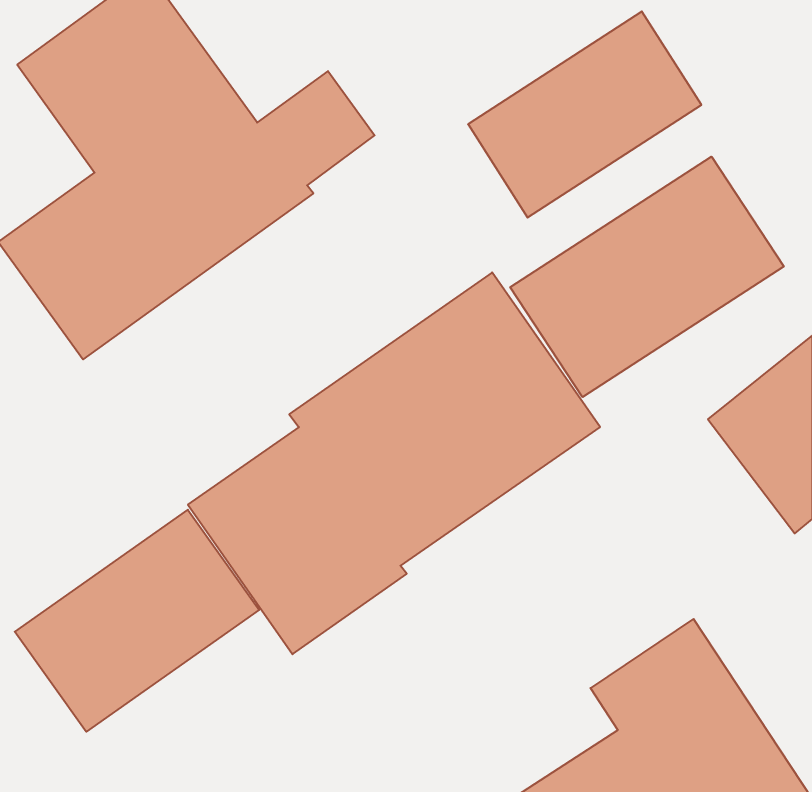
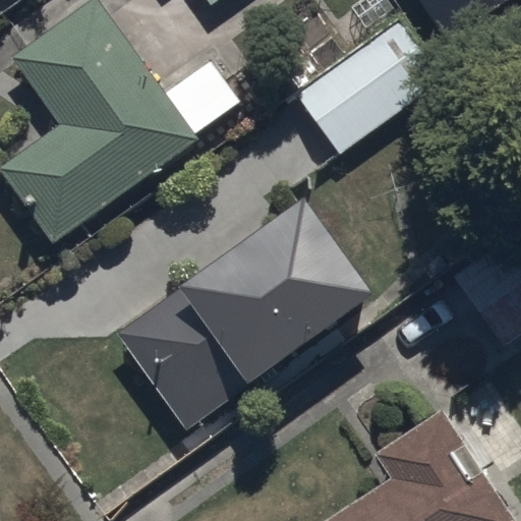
building: [510,157,784,397] -> none
building: [15,510,259,732] -> none

